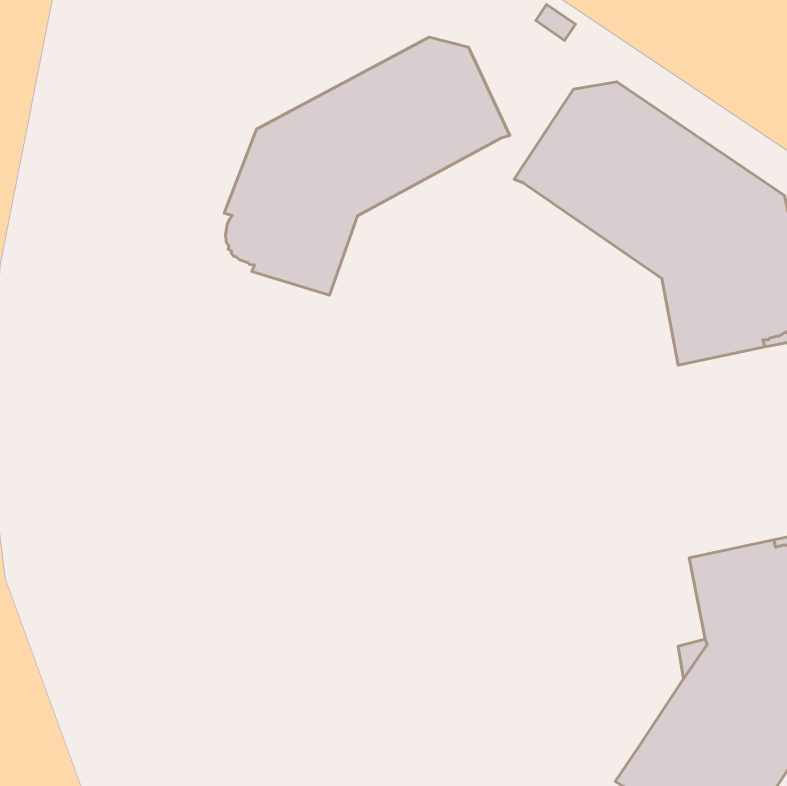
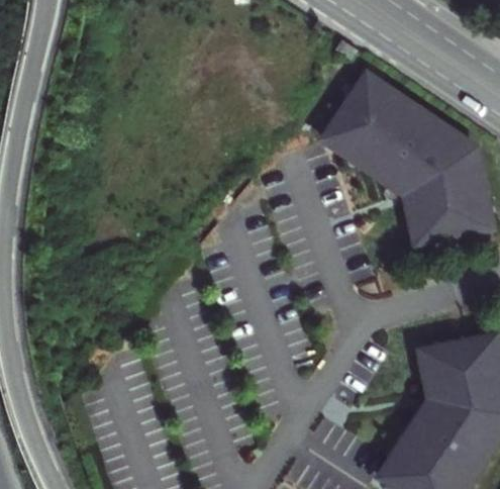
building: [224,37,510,295] -> none

